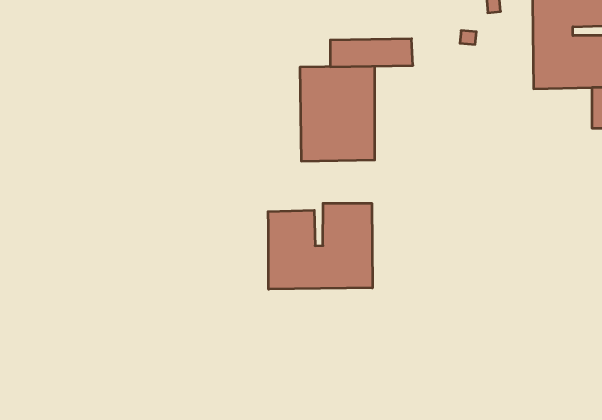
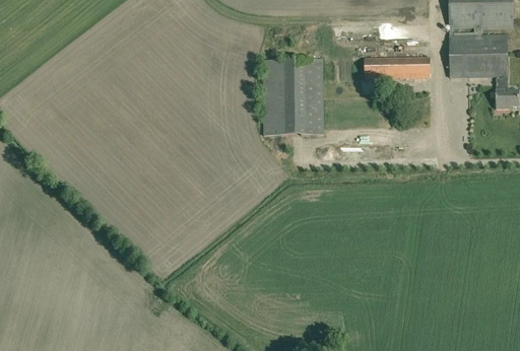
building: [330,39,413,67] -> [365,56,431,78]
building: [268,203,372,289] -> none

